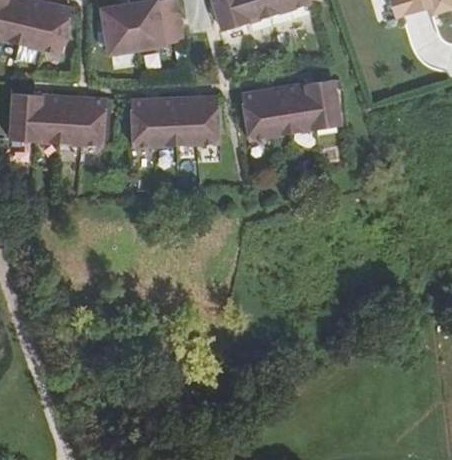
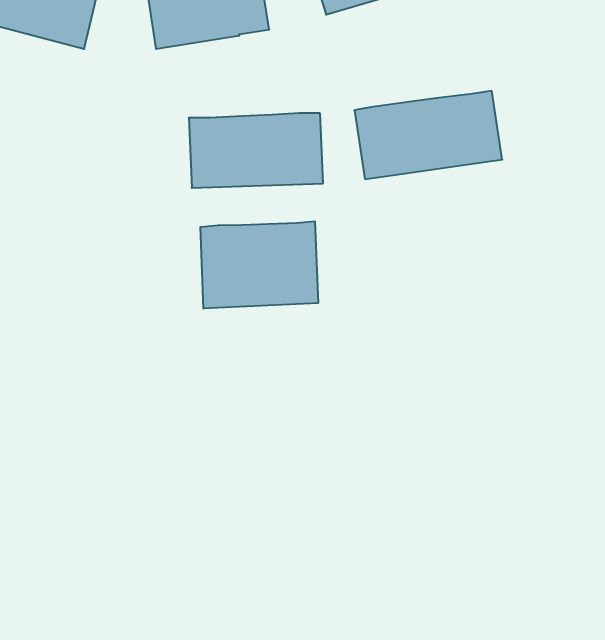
building: [10,92,106,145] -> none
building: none -> [200,221,318,309]

